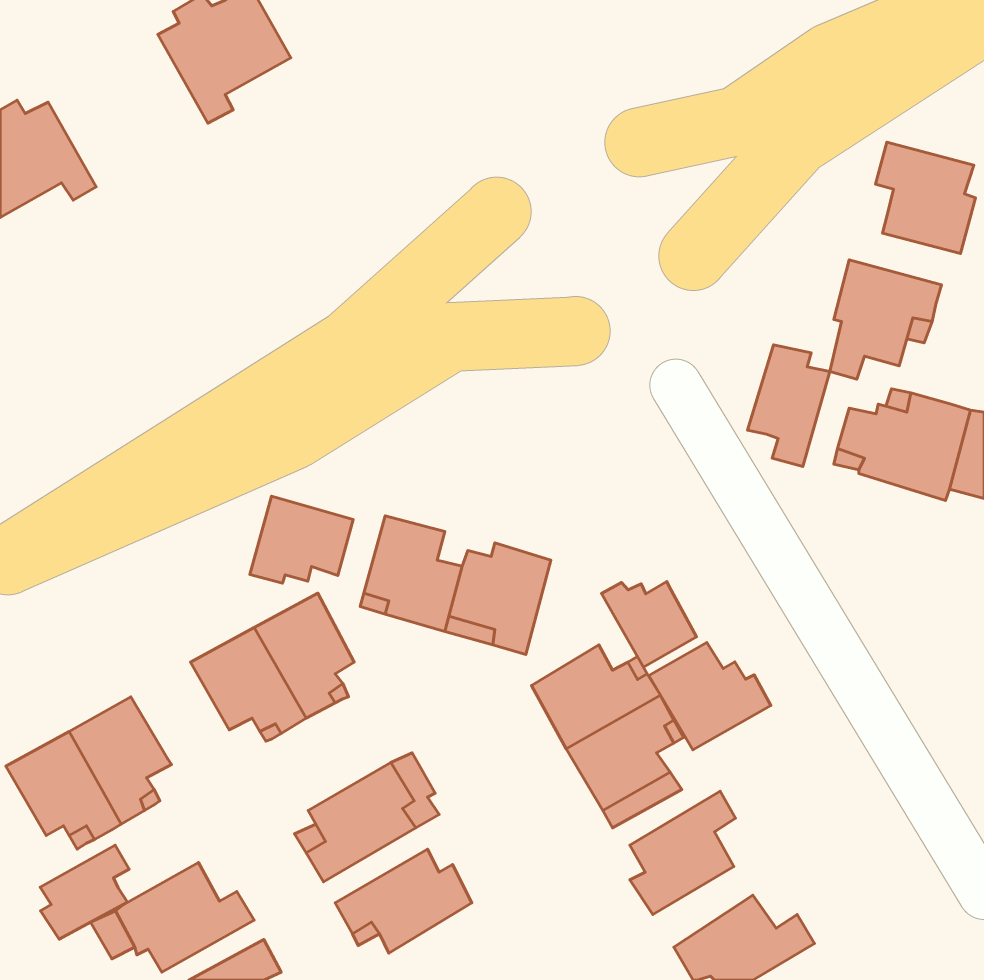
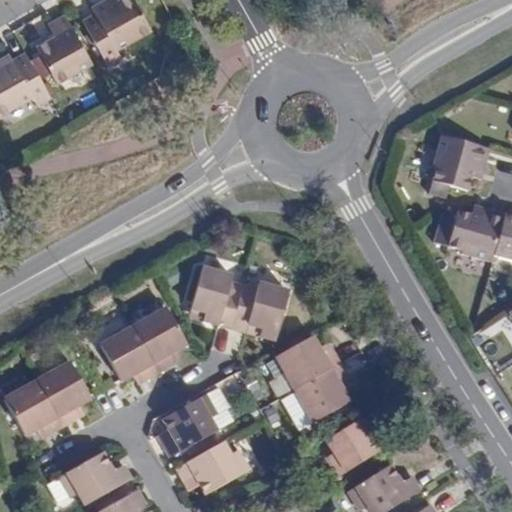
building: none -> [36,13,92,83]
building: [875,142,975,254] -> none
building: [748,345,830,466] -> none
building: [250,496,353,583] -> none
building: [601,581,696,667] -> none
building: [649,642,771,750] -> none
building: [40,845,129,939] -> none

